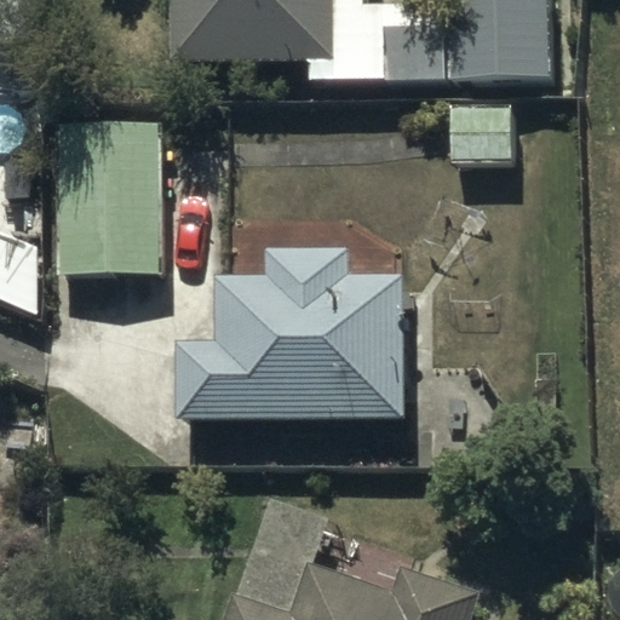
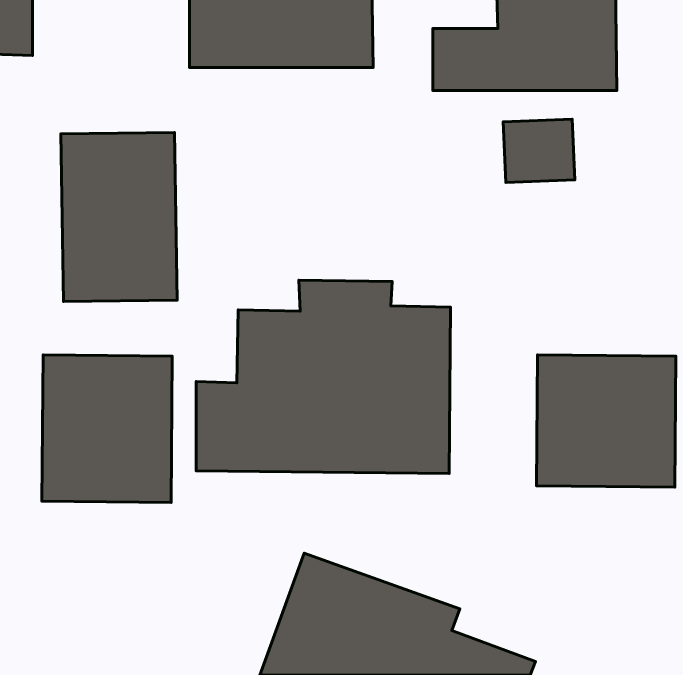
building: none -> [42,355,172,503]
building: none -> [537,355,676,487]

